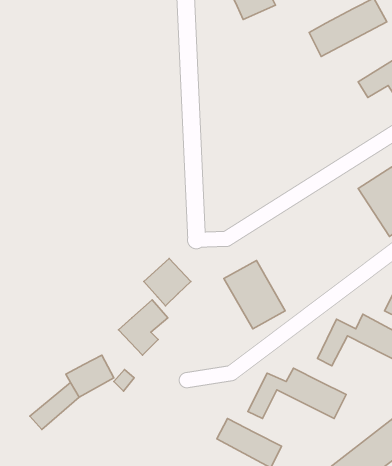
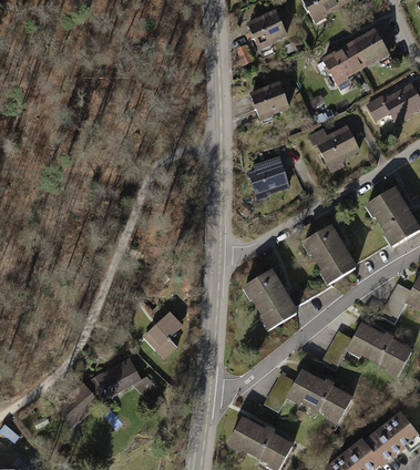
building: none -> [247,80,288,117]
building: none -> [307,119,362,168]
building: none -> [245,153,291,193]
building: none -> [306,221,366,285]
building: [144,259,191,306] -> none

